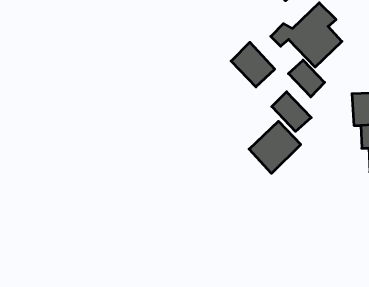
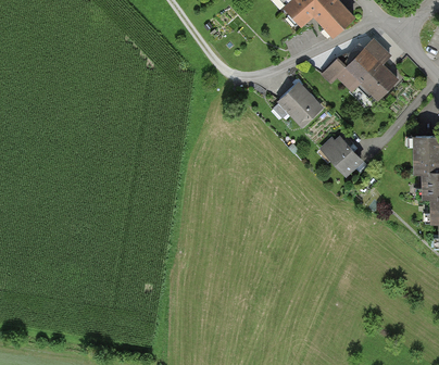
building: [288,60,325,97] -> none
building: [249,121,301,173] -> none

